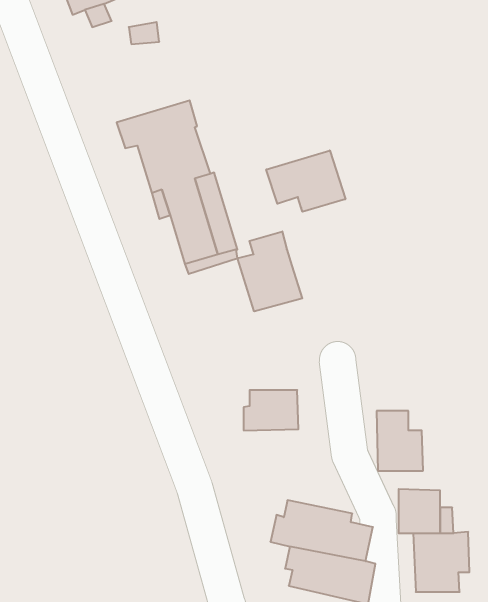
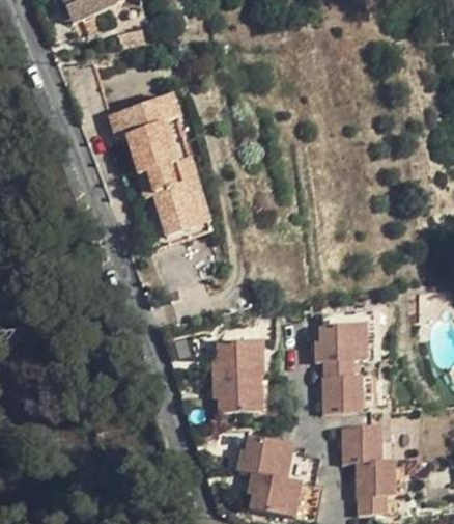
building: [266,150,345,212] -> none
building: [237,231,302,311] -> none
building: none -> [317,307,376,358]
building: none -> [211,374,258,410]

